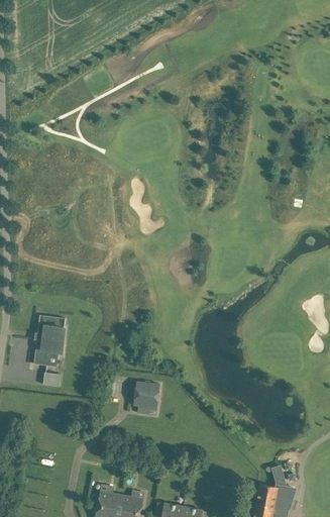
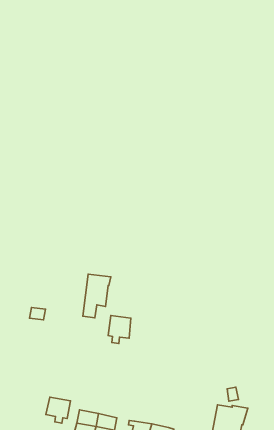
building: [34,316,67,367] -> [83,274,111,318]
building: none -> [46,397,71,423]

